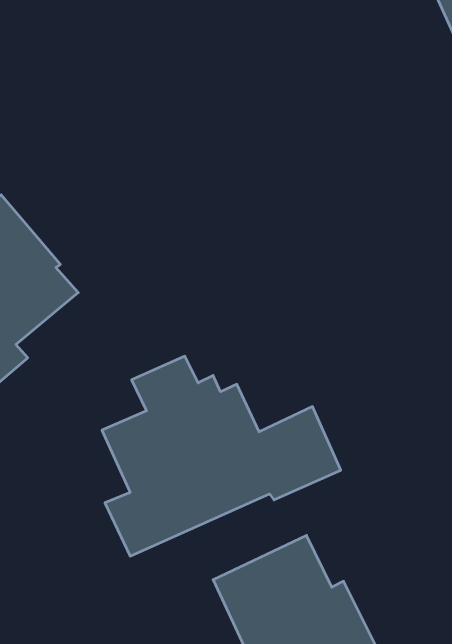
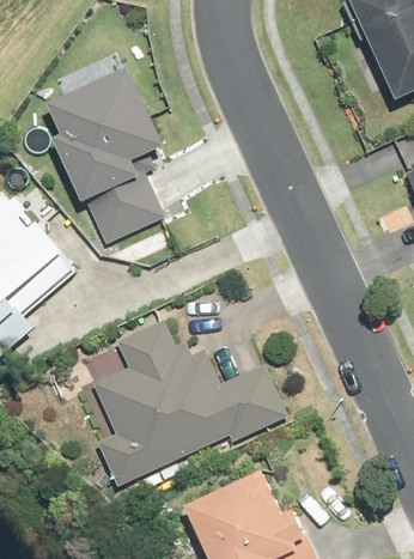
building: none -> [44,66,164,244]

